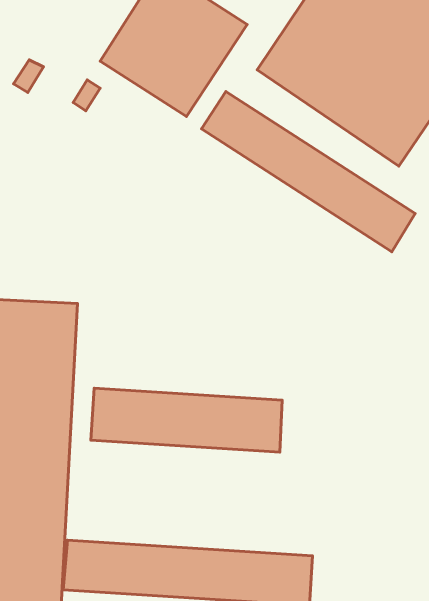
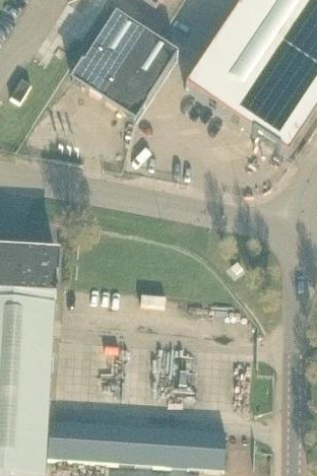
building: [201,91,415,252] -> none
building: [91,388,282,452] -> none

